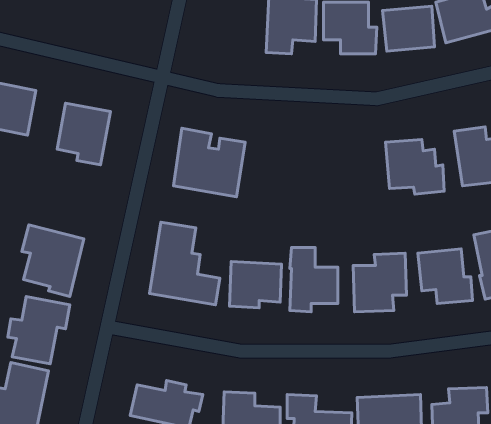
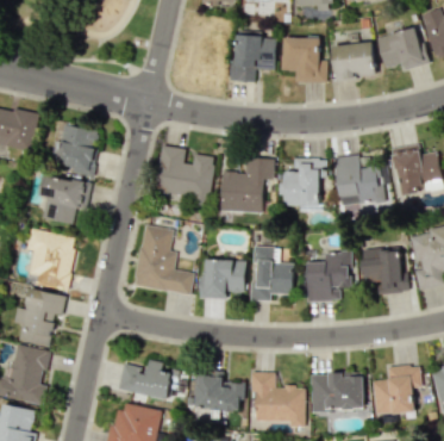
building: none -> [219,157,274,213]
building: none -> [281,159,325,206]
building: none -> [39,175,90,224]

